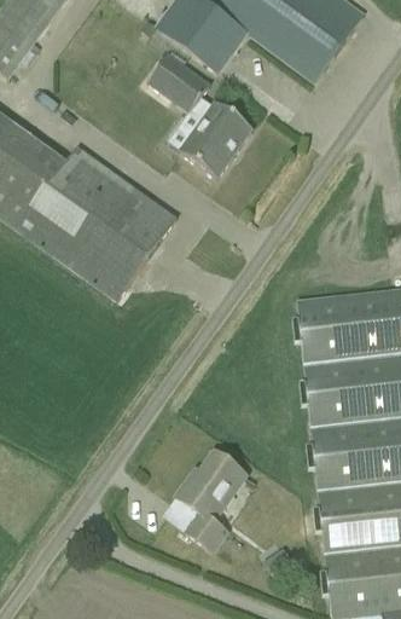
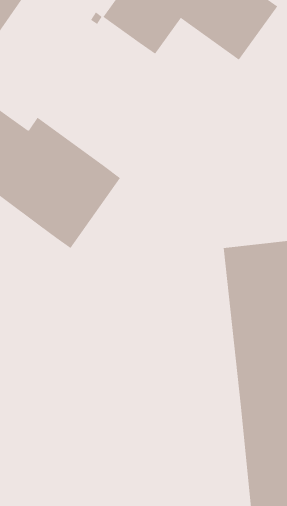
building: [146,53,252,179] -> none
building: [176,452,245,551] -> none

